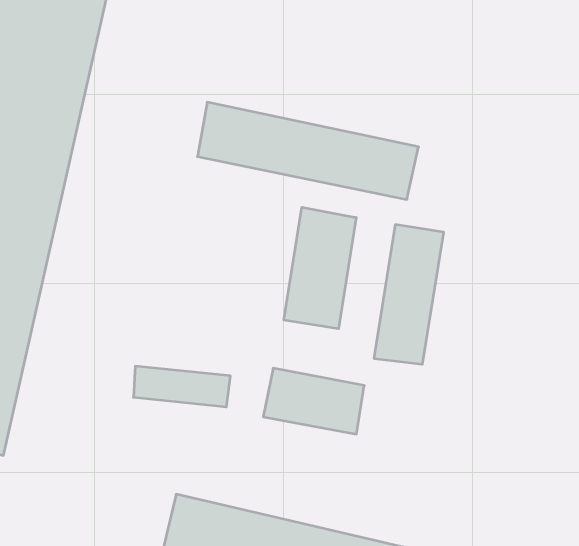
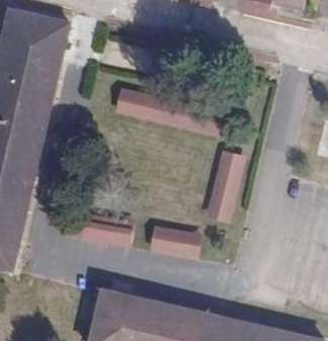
building: [284,207,356,329] -> none

